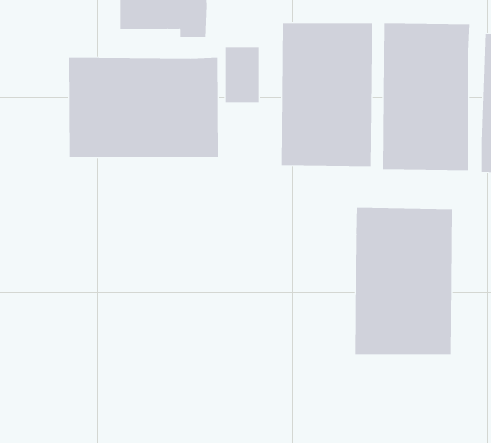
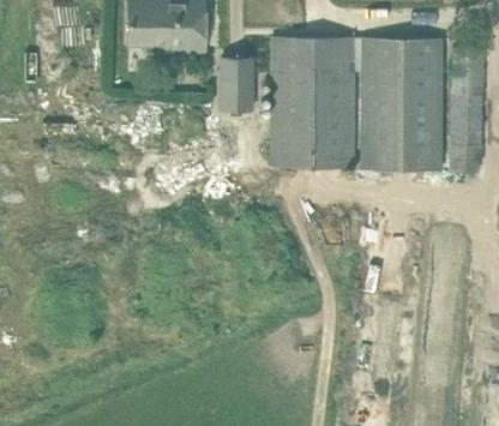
building: [68,57,218,158] -> none
building: [355,207,453,355] -> none

